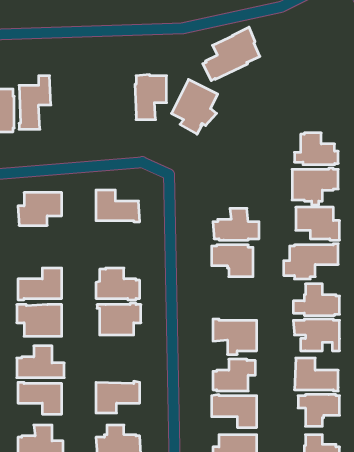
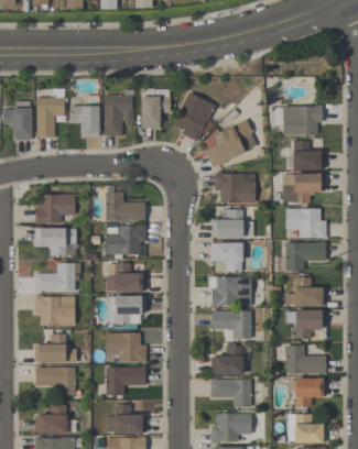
building: [203,27,260,81] -> [205,119,257,167]
building: none -> [104,89,134,135]
building: none -> [70,96,100,136]
building: none -> [283,105,322,134]
building: none -> [215,173,256,202]
building: none -> [106,225,145,254]
building: none -> [35,229,76,256]
building: none -> [211,276,257,306]
building: none -> [106,333,147,362]

